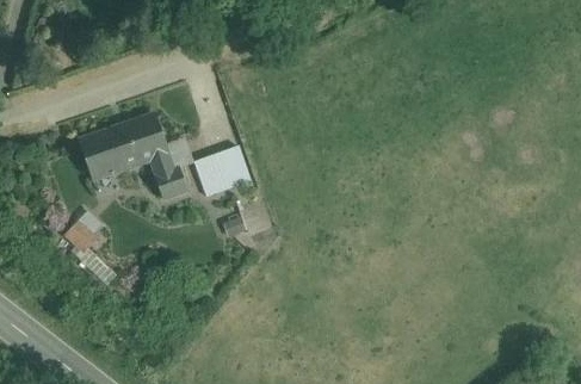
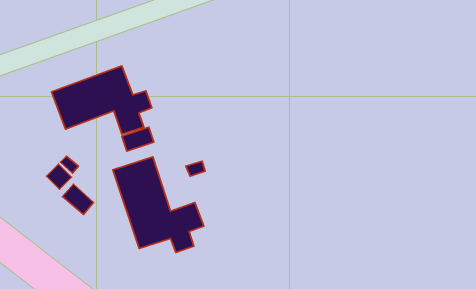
building: [193,151,253,200] -> none
building: none -> [113,157,204,253]

